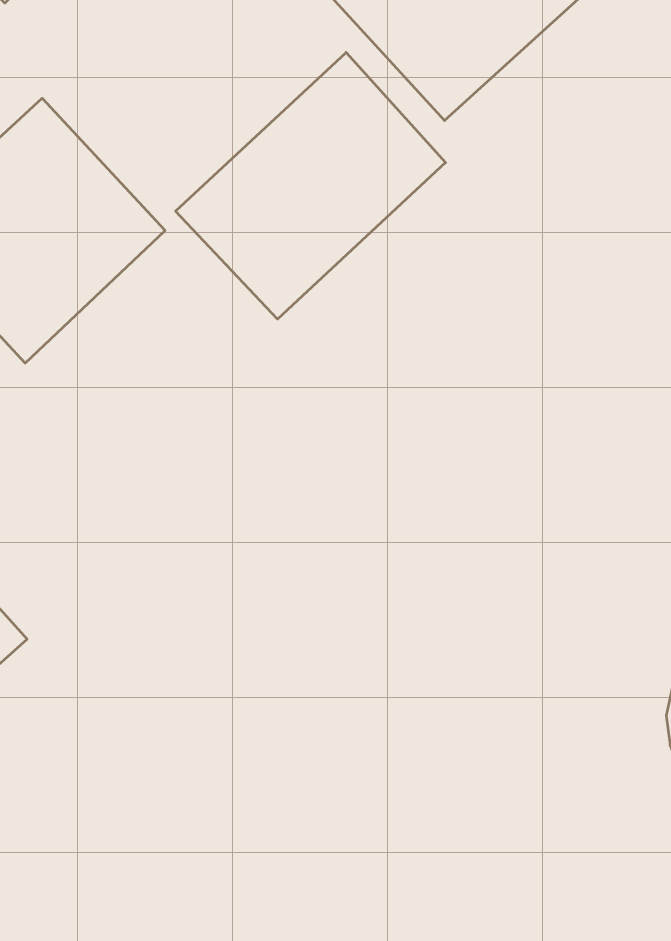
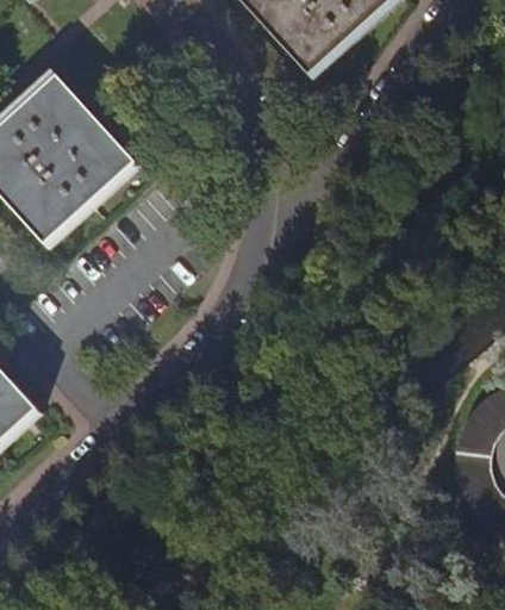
building: [176,52,446,319] -> none

